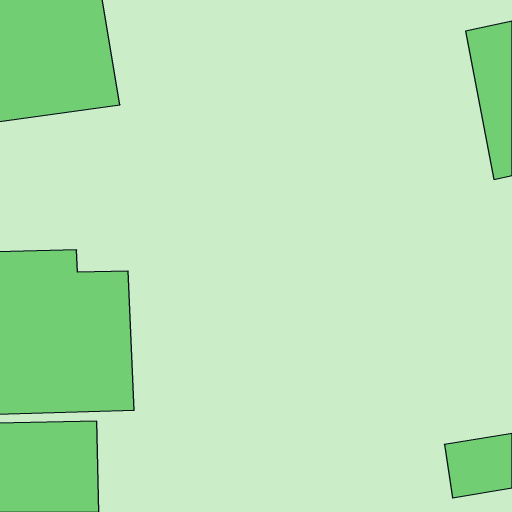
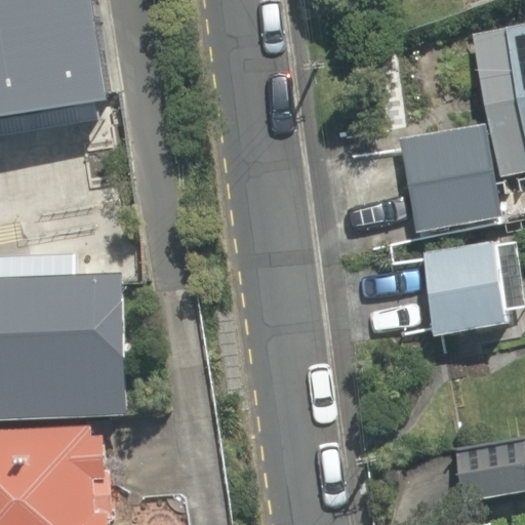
building: none -> [402,125,498,231]
building: none -> [421,241,508,337]

